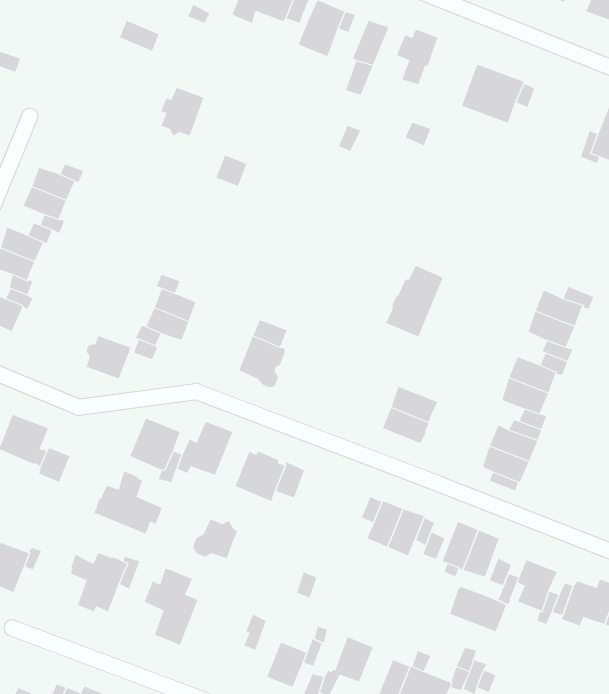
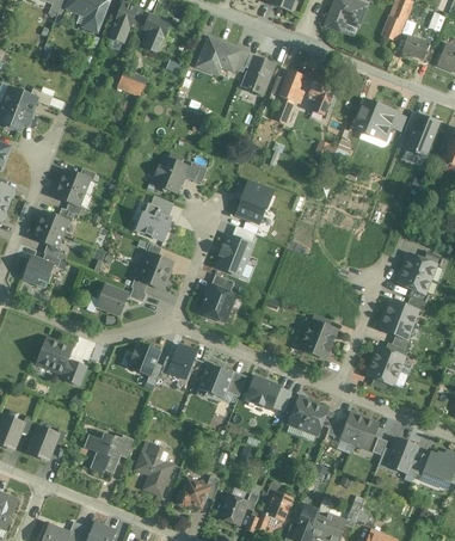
building: none -> [402,111,439,156]
building: [160,87,204,136] -> [155,158,185,191]
building: none -> [230,176,277,228]
building: none -> [136,195,174,240]
building: [386,265,444,337] -> [216,226,256,275]
building: none -> [246,376,279,407]
building: [94,470,163,535] -> none
building: [192,519,238,559] -> [177,479,208,506]
building: [449,586,507,632] -> none

